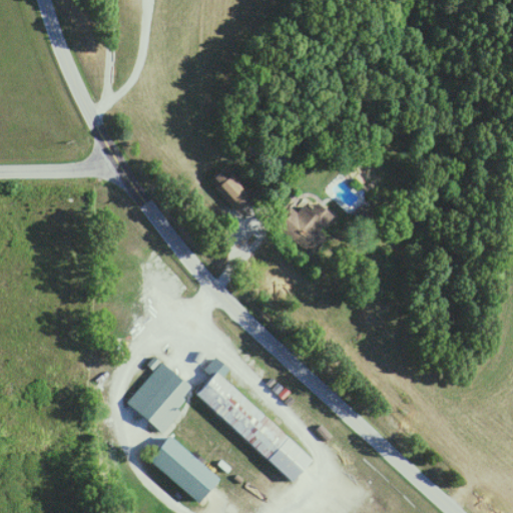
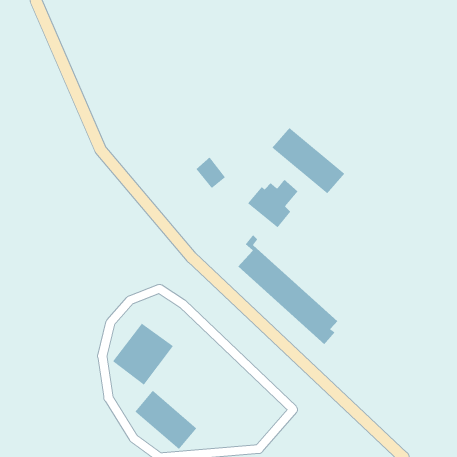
building: none -> [272,127,345,194]
building: [197,359,310,483] -> [238,234,338,345]

